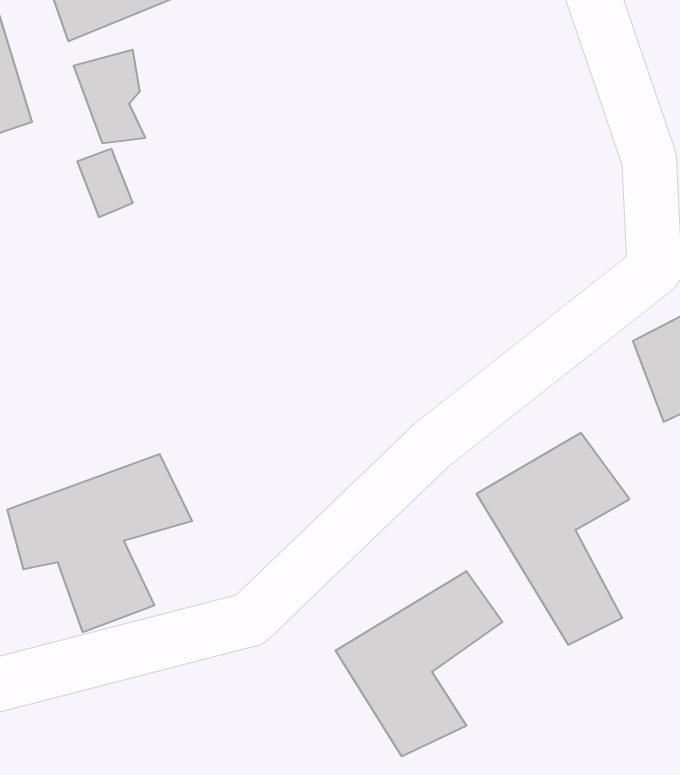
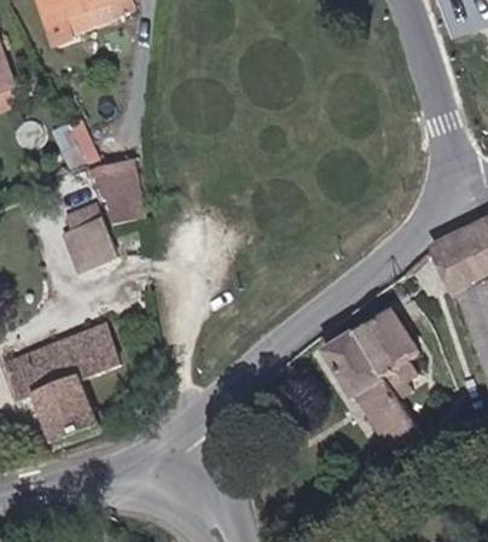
building: [73,50,145,143] -> [95,158,144,221]
building: none -> [62,200,126,272]
building: [336,571,502,756] -> none

